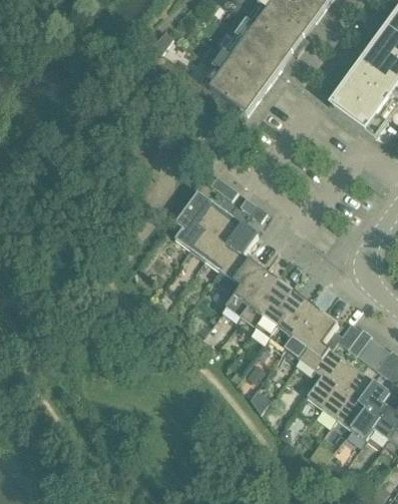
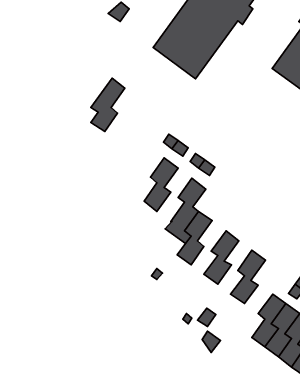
building: [174,188,212,246] -> [91,78,125,132]
building: [204,210,242,269] -> none
building: [241,268,279,326] -> none
building: [270,290,307,348] -> none
building: [299,311,338,369] -> none

